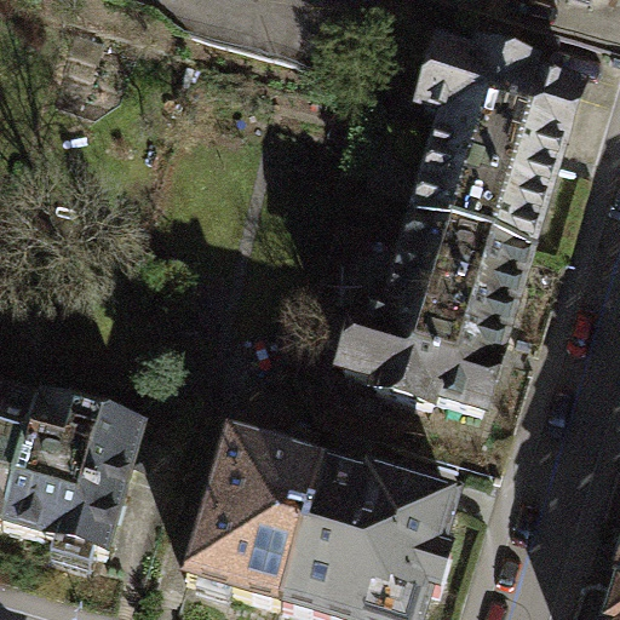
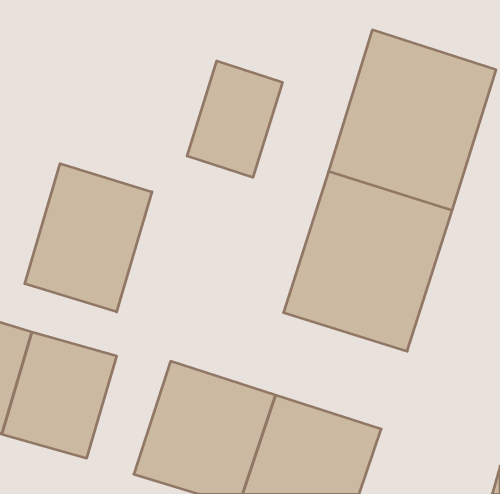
building: none -> [187,61,282,177]
building: none -> [25,164,152,312]

